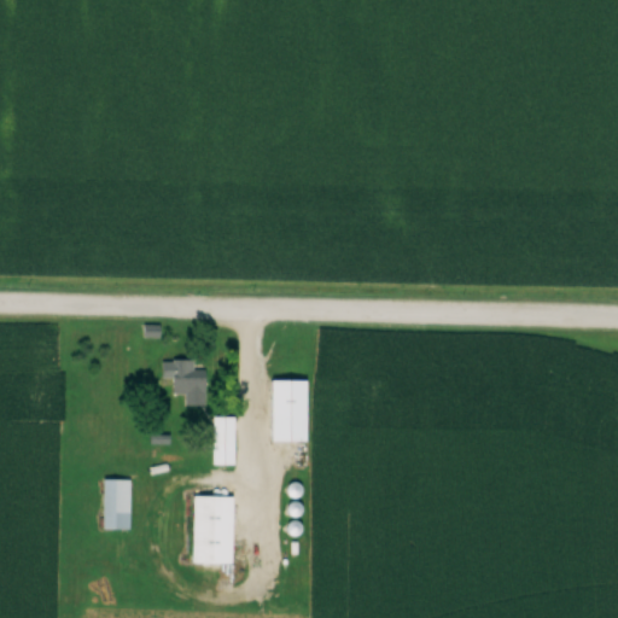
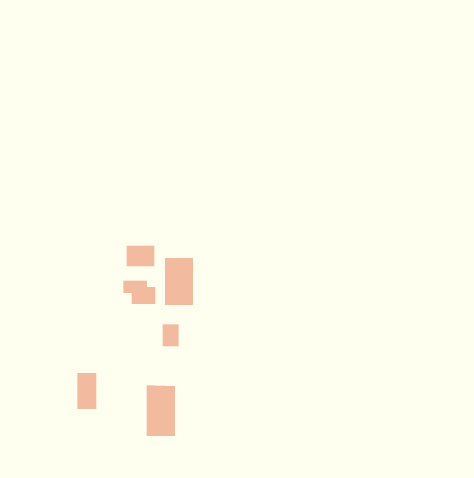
building: none -> [126,245,155,267]
building: [270,379,309,442] -> [164,257,194,306]

